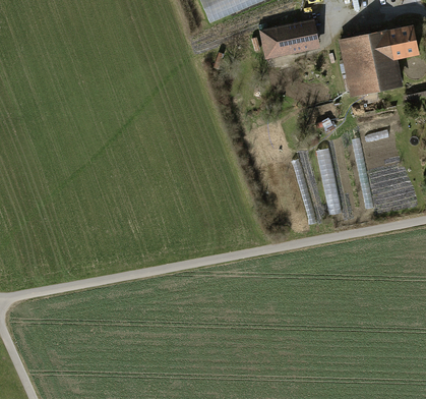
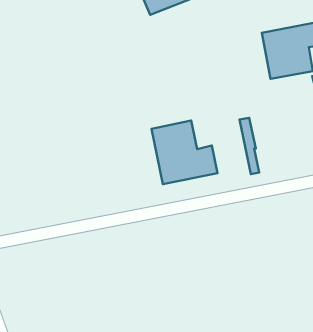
building: [258,17,318,57] -> none
building: none -> [152,120,218,184]

